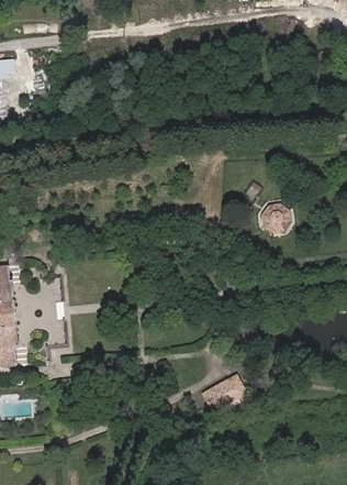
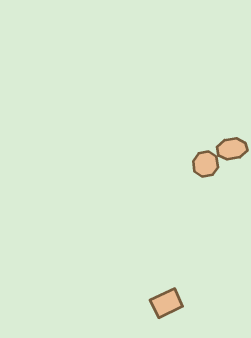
building: none -> [217,138,247,159]

